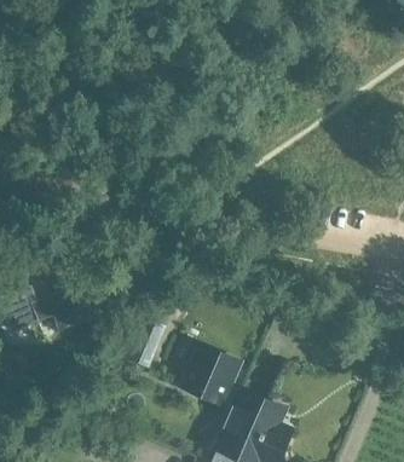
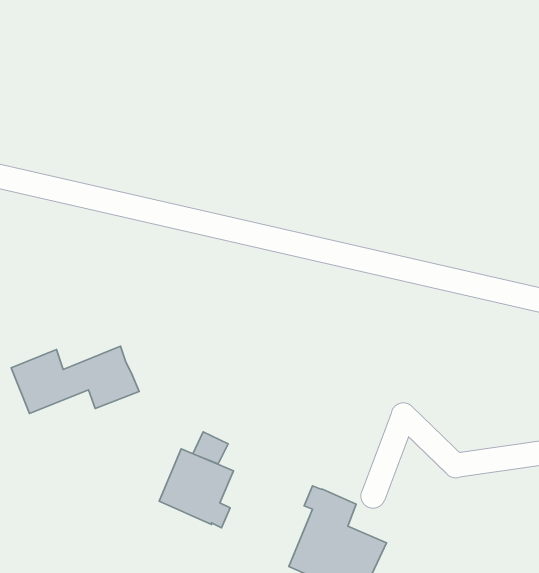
building: [184,350,237,406] -> [159,449,233,528]

